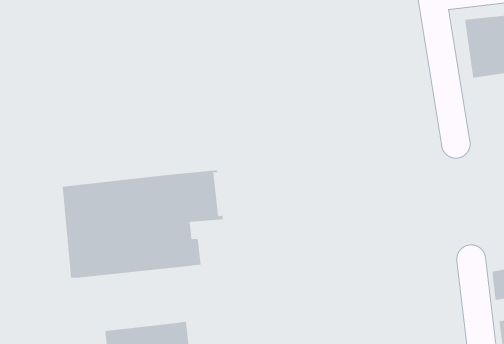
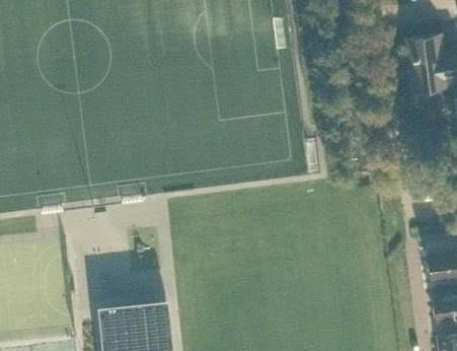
building: [62,169,224,279] -> none

